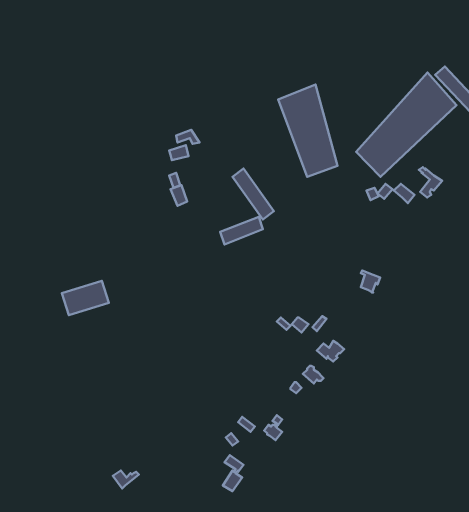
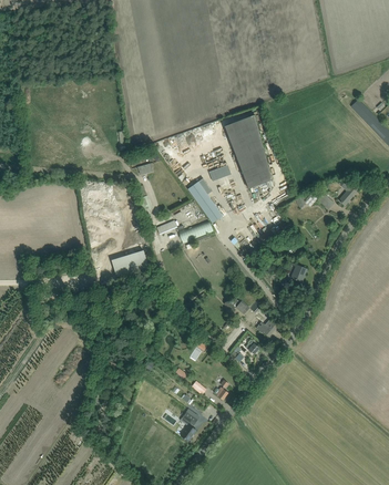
building: [356,73,456,177] -> none
building: [62,281,109,315] -> [110,249,147,277]

